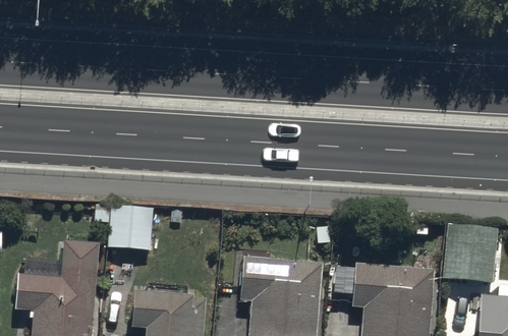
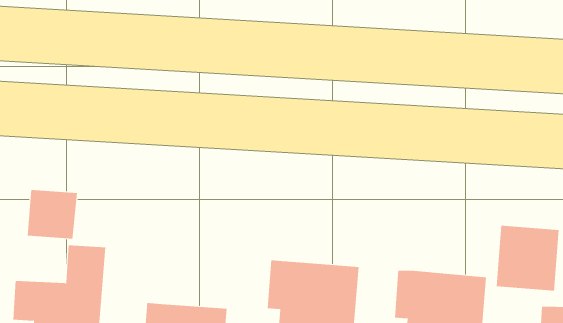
building: [109,206,154,249] -> [27,190,78,239]

